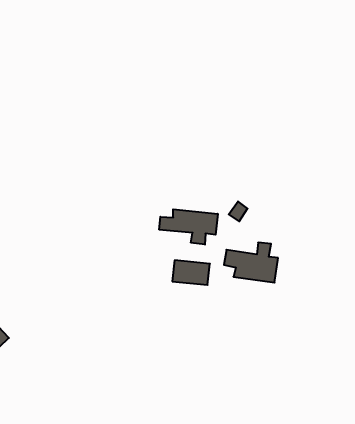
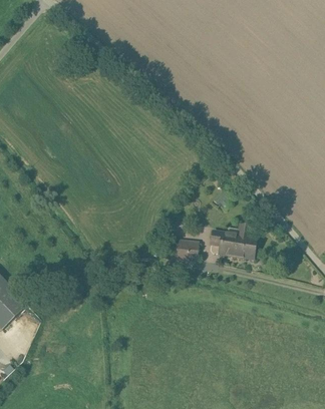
building: [159,209,218,245] -> none

